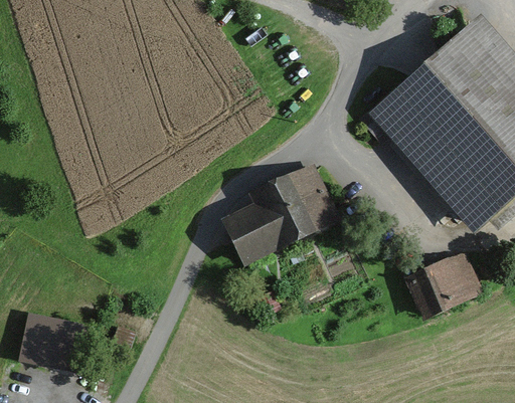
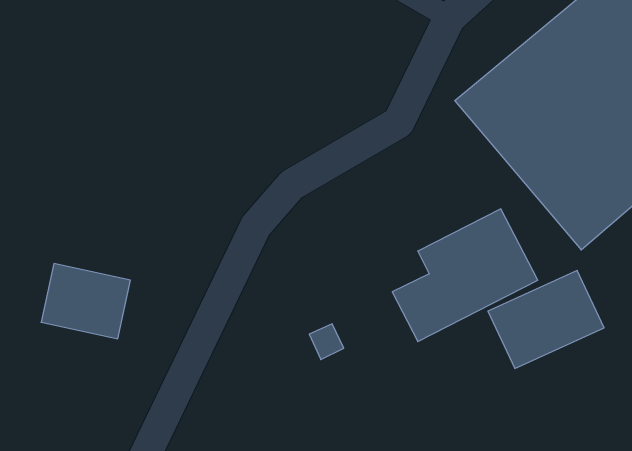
building: [226,161,341,265] -> [392,209,538,342]
building: [19,313,90,372] -> [41,264,130,339]

